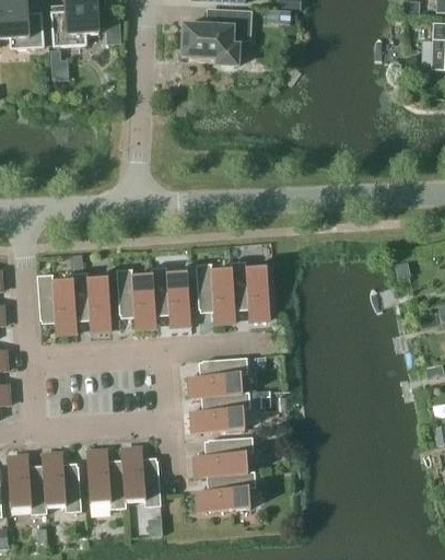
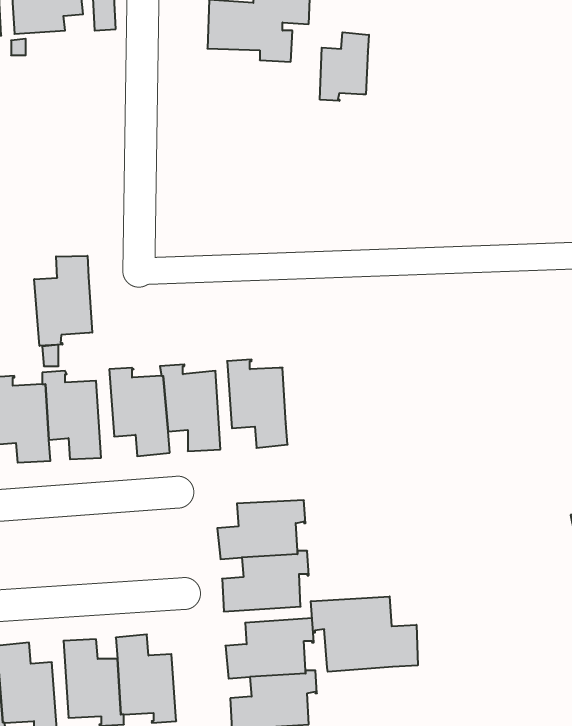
building: none -> [320,32,369,101]
building: none -> [34,256,92,346]
building: [231,261,271,319] -> none
building: none -> [311,596,418,672]

